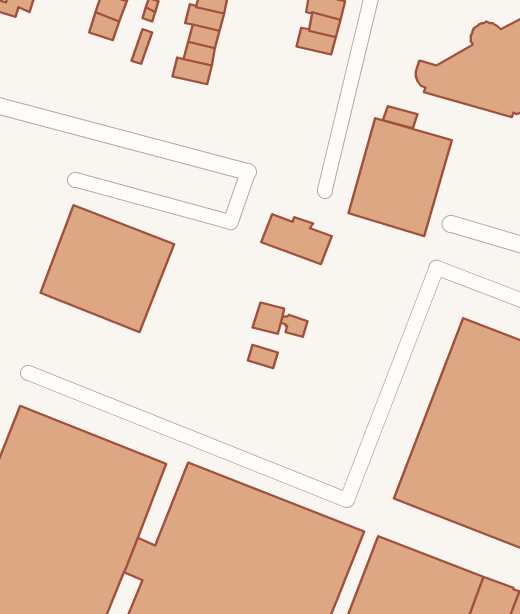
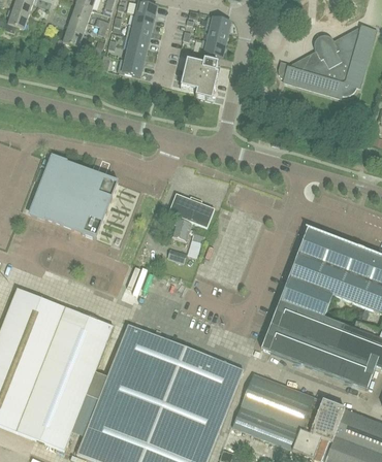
building: none -> [180,59,217,100]
building: [348,118,452,236] -> none
building: [261,214,332,264] -> [167,193,214,226]

